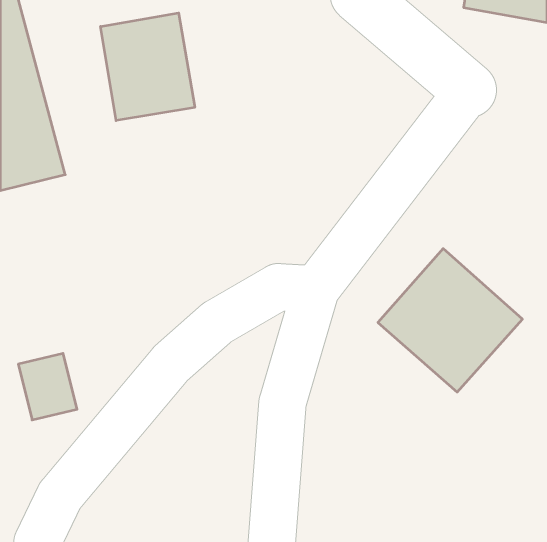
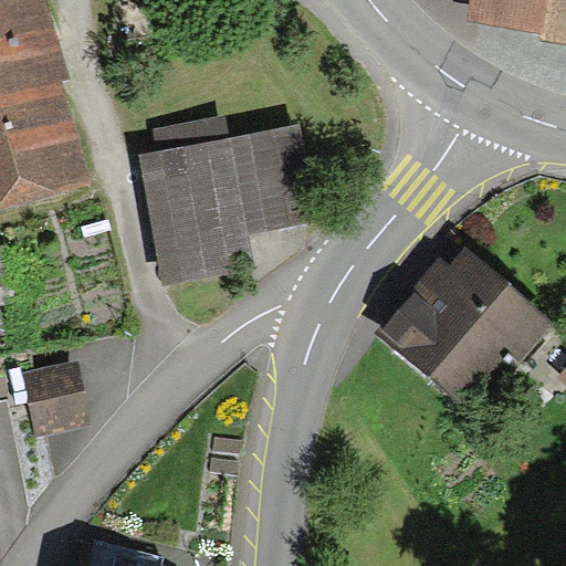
building: [101,13,195,121] -> none
building: none -> [150,129,295,270]

